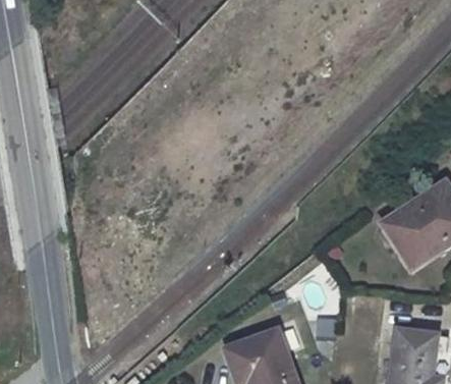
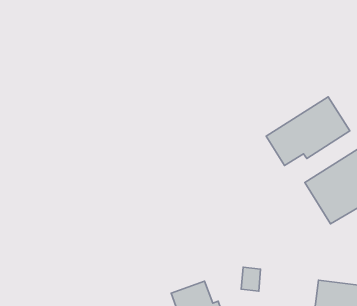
building: none -> [266,97,350,165]

